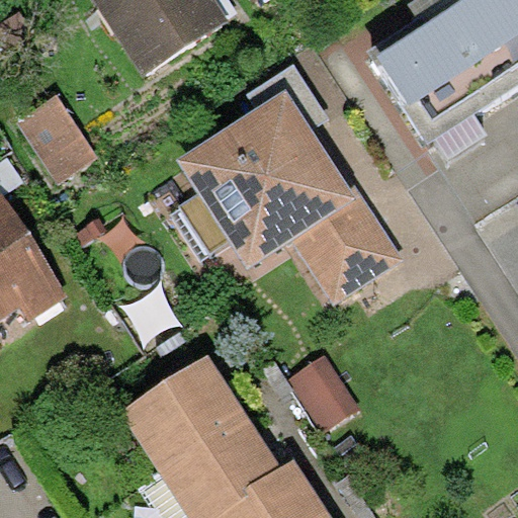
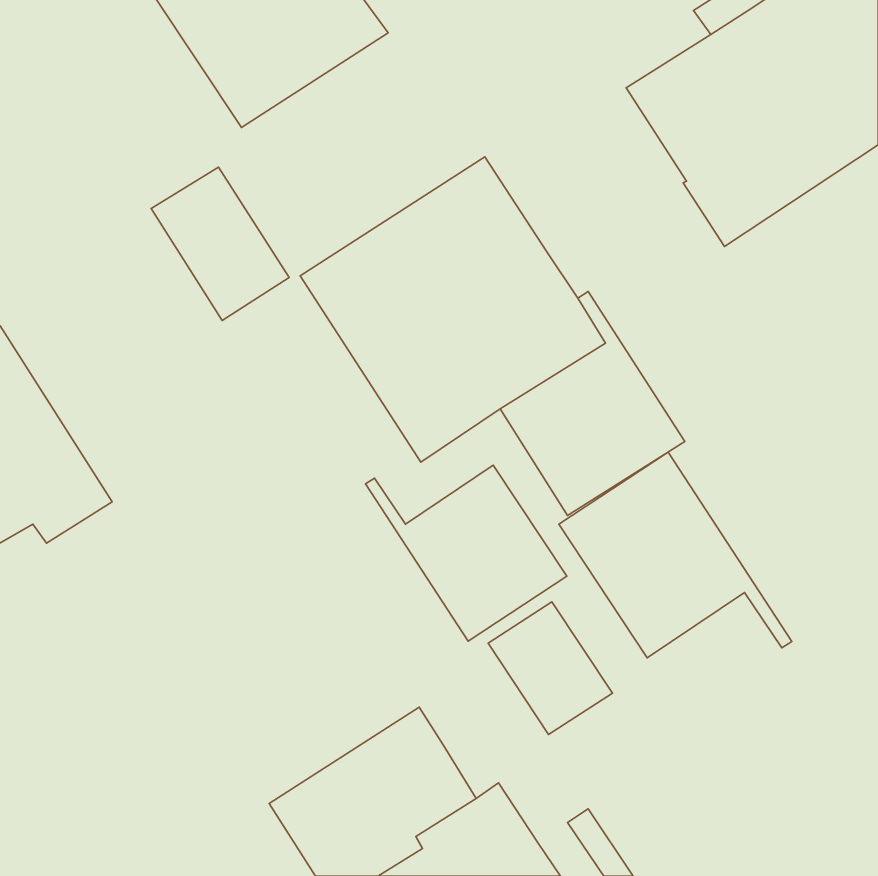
building: [15,94,96,184] -> [151,167,289,321]
building: none -> [559,452,792,658]
building: none -> [366,465,567,641]
building: [119,356,246,471] -> none

